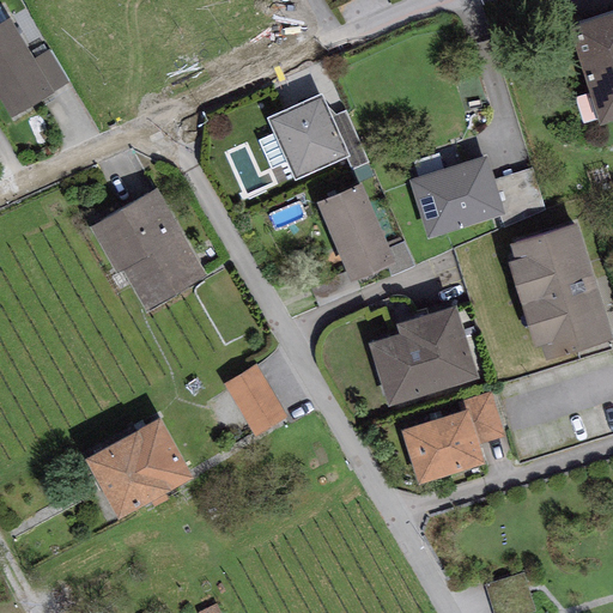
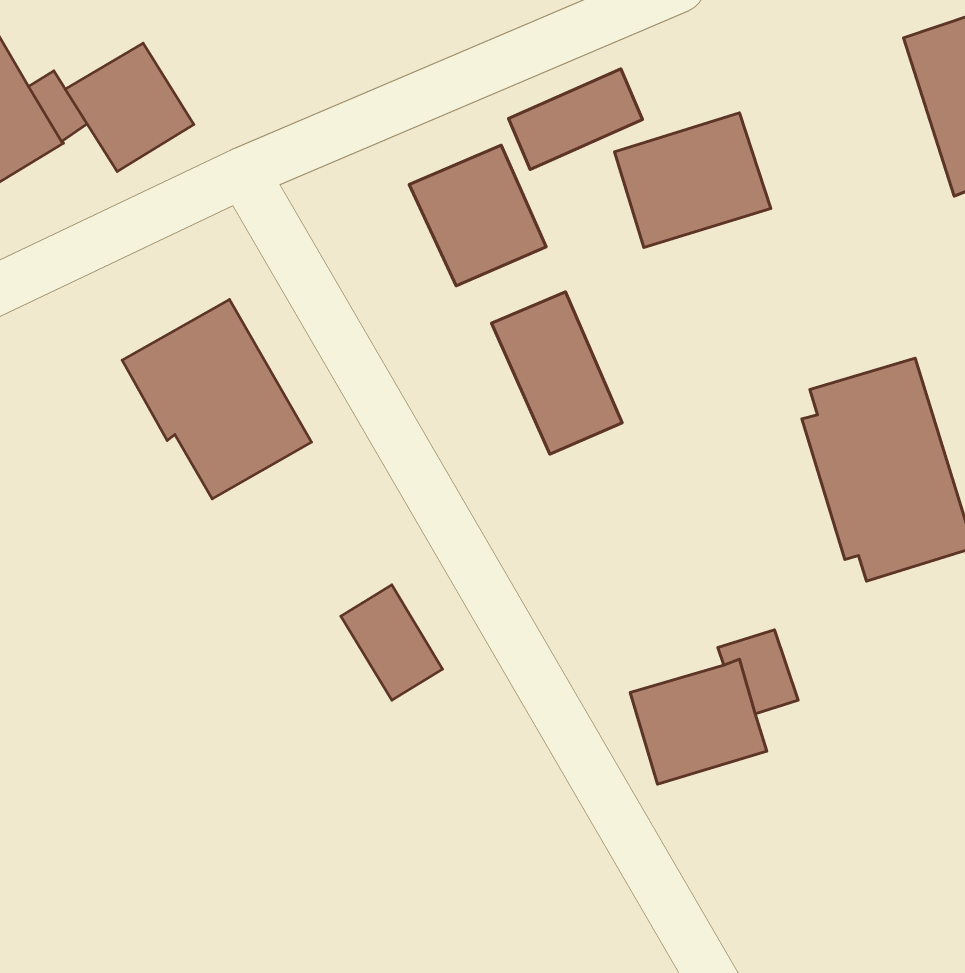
building: none -> [65,43,194,172]
building: none -> [508,69,643,169]
building: [409,156,505,238] -> [614,113,771,248]
building: [368,305,479,406] -> none
building: [85,419,193,520] -> none

